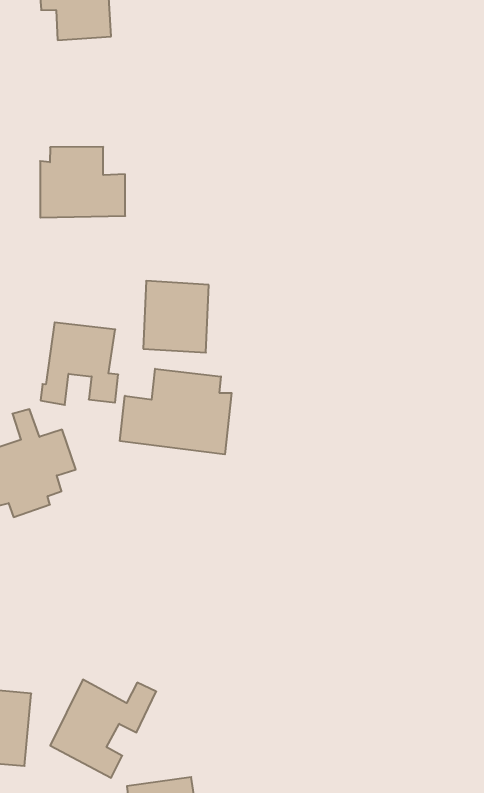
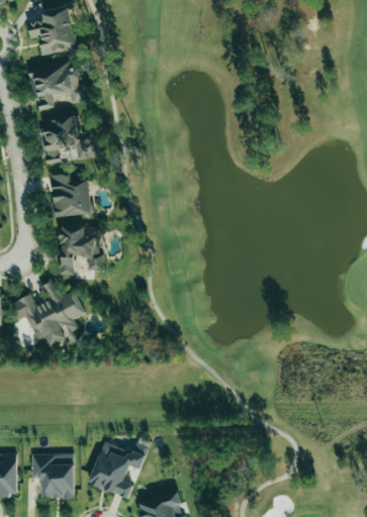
building: none -> [31,65,83,108]
building: [143,281,209,353] -> [50,174,91,217]
building: [120,369,232,454] -> none

